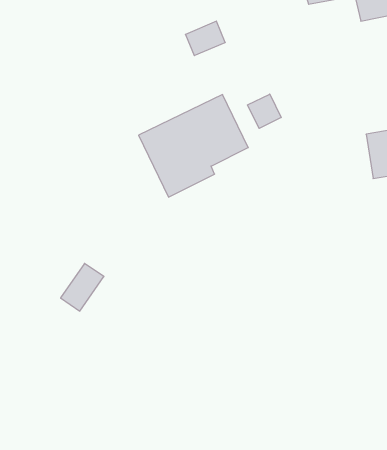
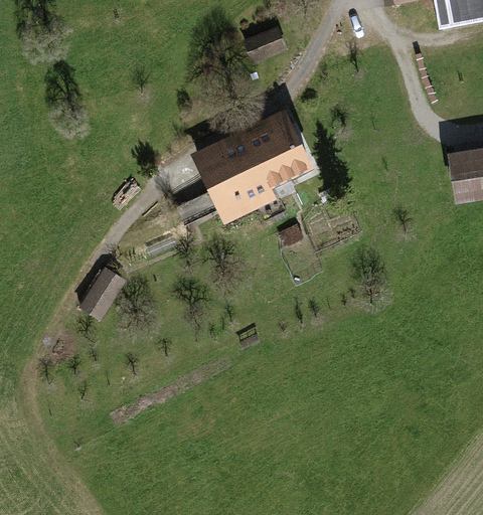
building: [248,94,281,128] -> none
building: [61,263,104,311] -> [77,266,127,320]

